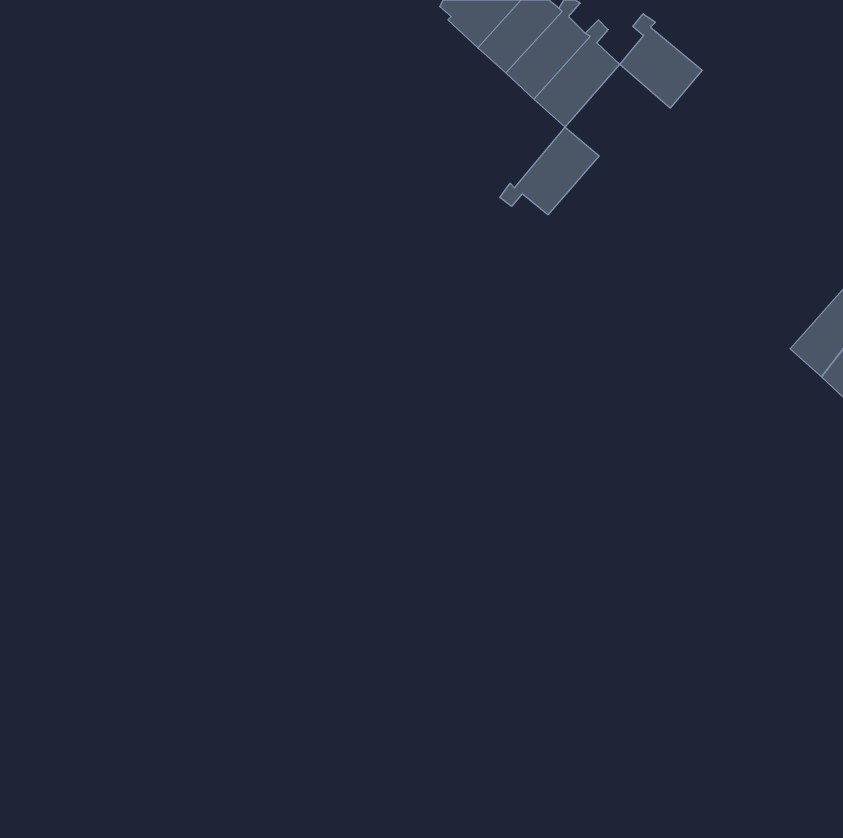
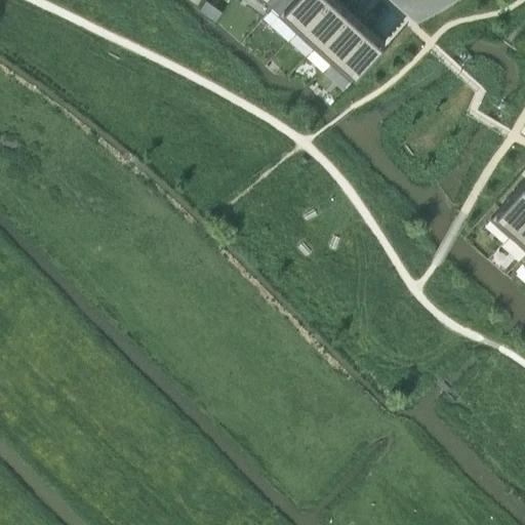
building: [620,14,702,108] -> none
building: [500,127,599,215] -> none

